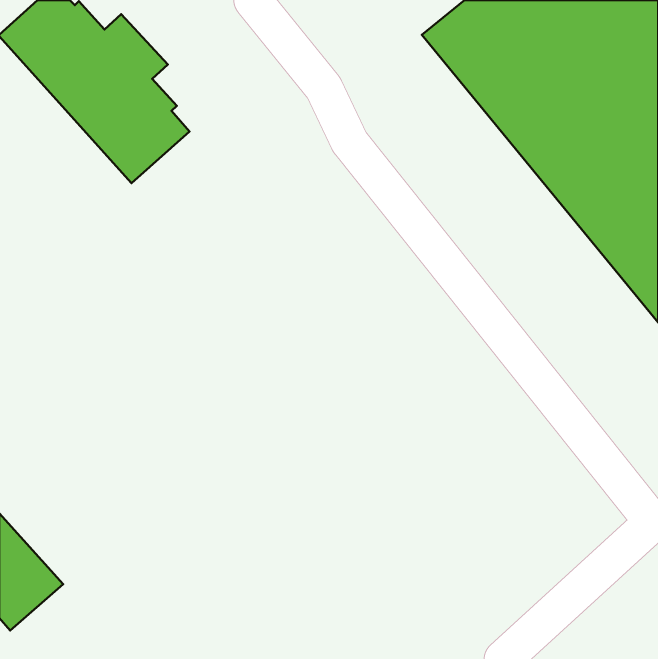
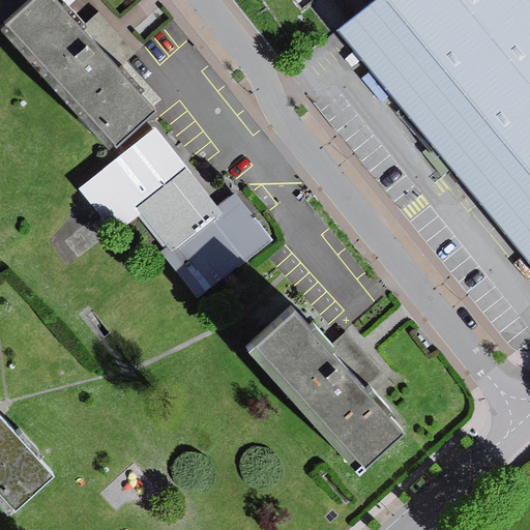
building: none -> [82,132,275,300]
building: none -> [246,306,400,466]

